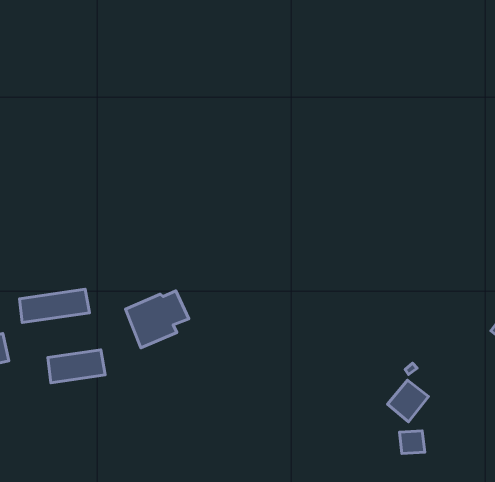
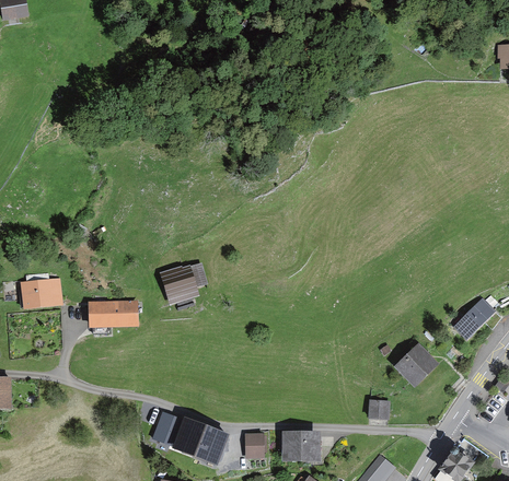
building: [20,289,89,323] -> none
building: [388,380,429,422] -> [400,348,433,382]

